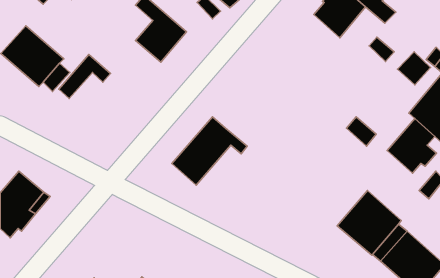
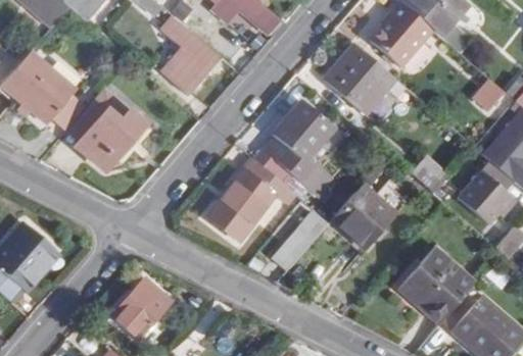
building: none -> [323,44,394,114]
building: none -> [264,101,332,194]
building: none -> [77,107,147,162]
building: none -> [330,183,394,248]
building: none -> [273,209,326,268]
building: none -> [112,278,170,337]

